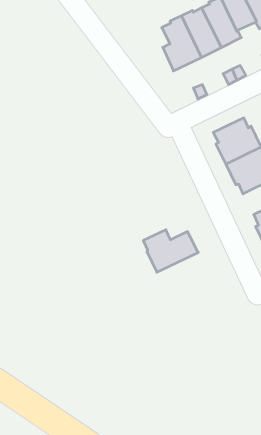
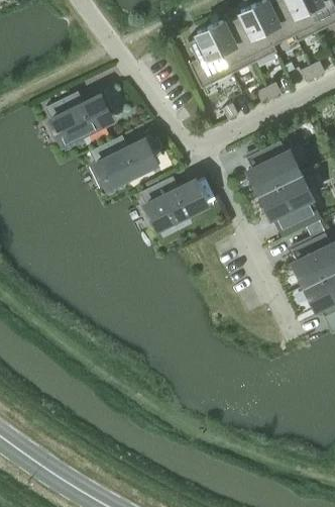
building: none -> [47,94,109,142]
building: none -> [92,138,153,186]
building: [143,230,198,272] -> [142,180,204,227]

